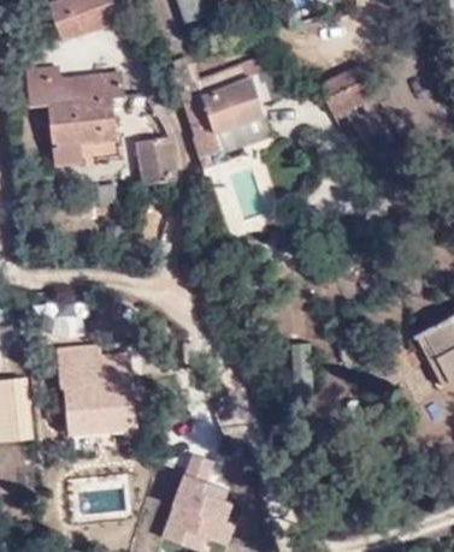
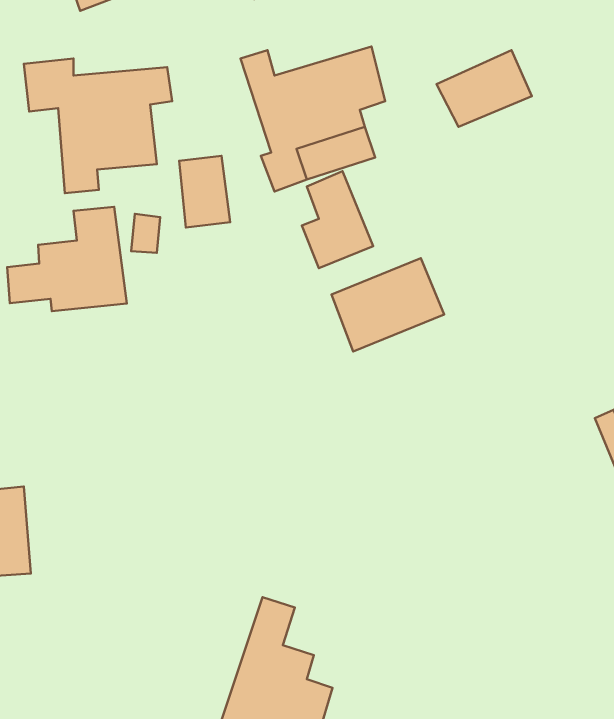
building: none -> [7,207,127,311]
building: none -> [331,258,444,351]
building: [67,344,147,431] -> none

